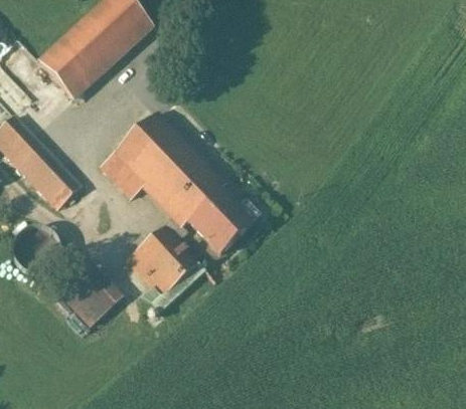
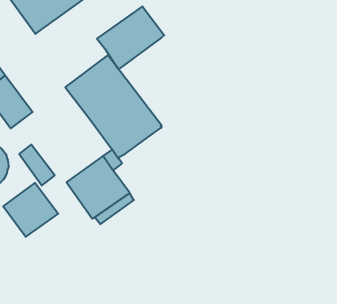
building: none -> [97,6,164,69]
building: [100,155,142,199] -> [19,145,55,186]
building: [187,193,259,254] -> none

